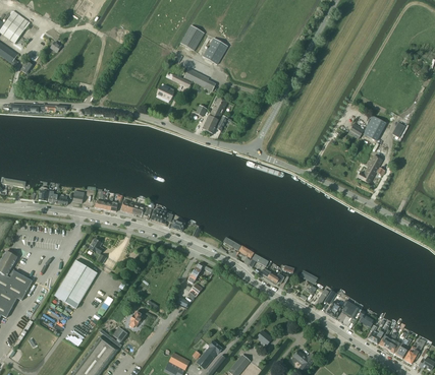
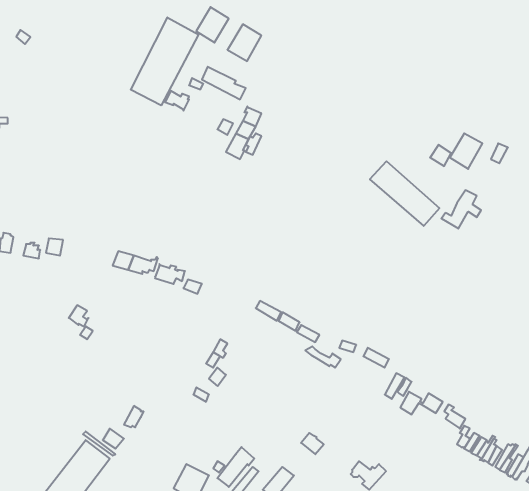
building: none -> [131,17,198,105]
building: none -> [370,161,439,226]
building: [54,260,97,309] -> none

